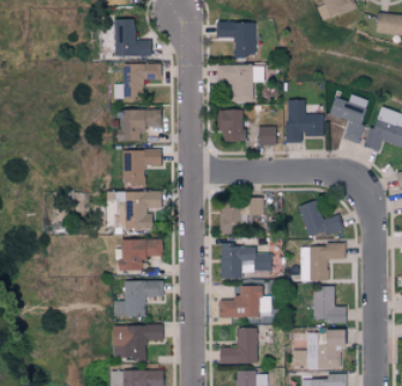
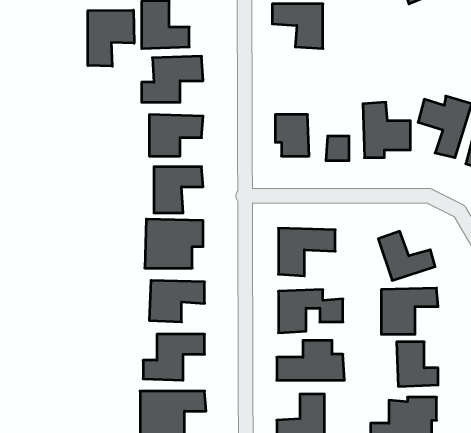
building: none -> [88,10,134,66]
building: [217,66,265,102] -> none

